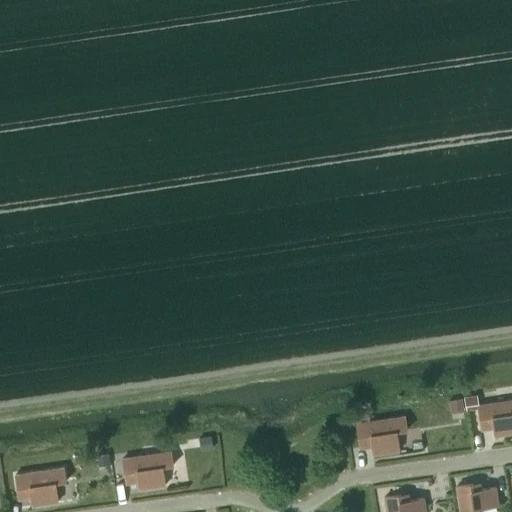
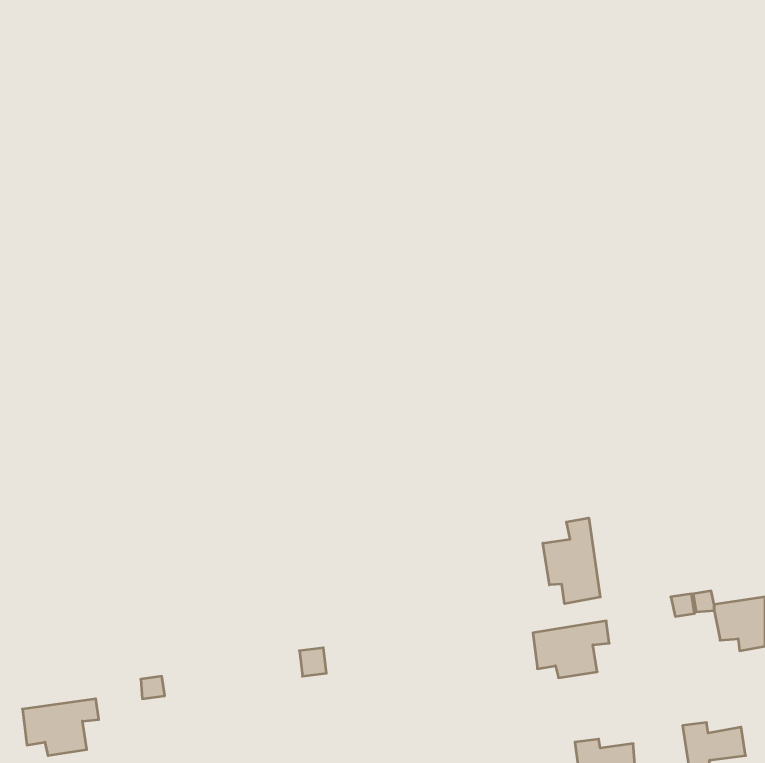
building: none -> [543,518,600,604]
building: [122,452,173,490] -> none

